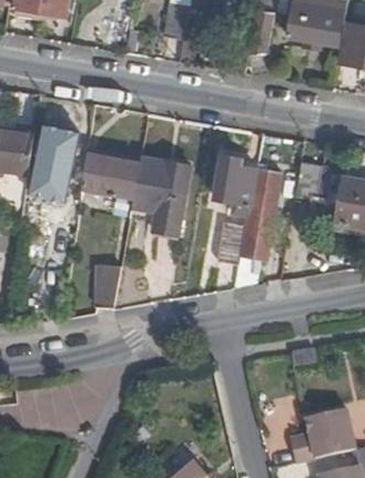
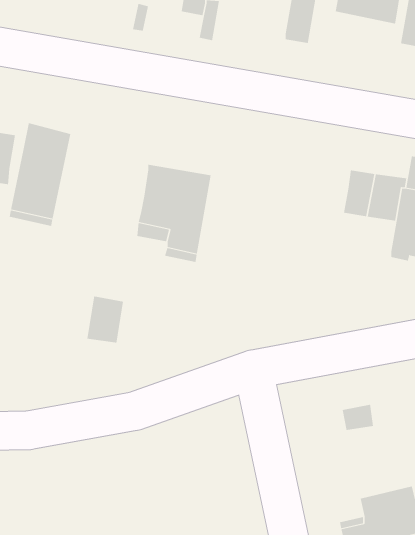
building: [81,153,138,194] -> none
building: [212,154,278,265] -> none

